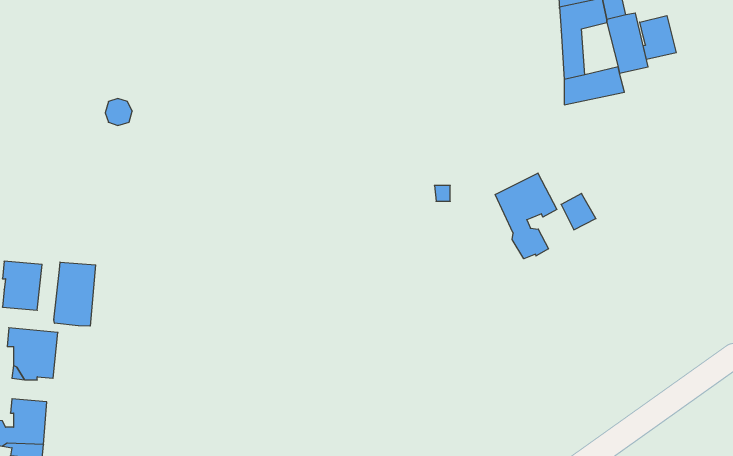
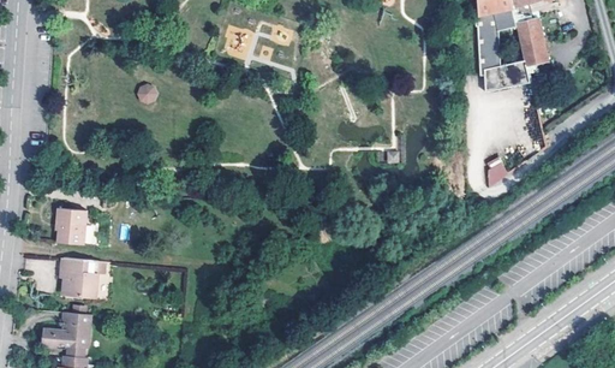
building: [640,16,676,60] -> none
building: [495,173,557,259] -> none
building: [54,262,96,326] -> none

